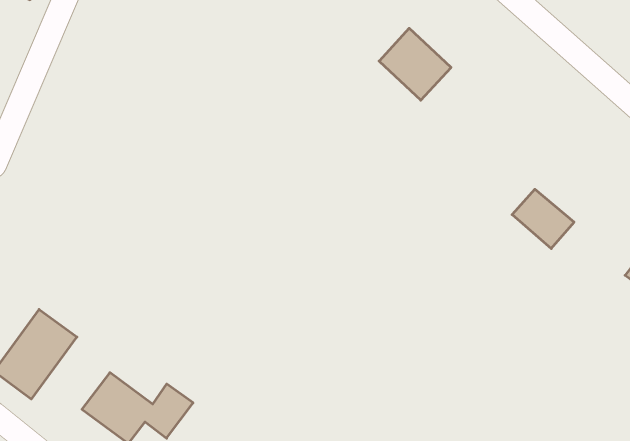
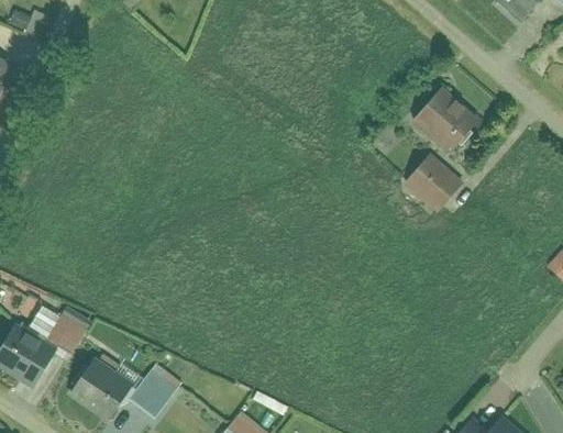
building: [379,28,451,100] -> [419,85,482,147]
building: [512,189,574,249] -> [402,155,456,207]

